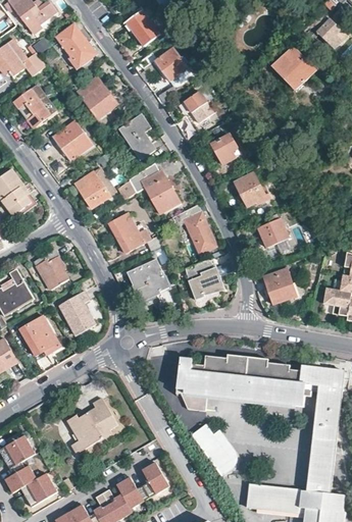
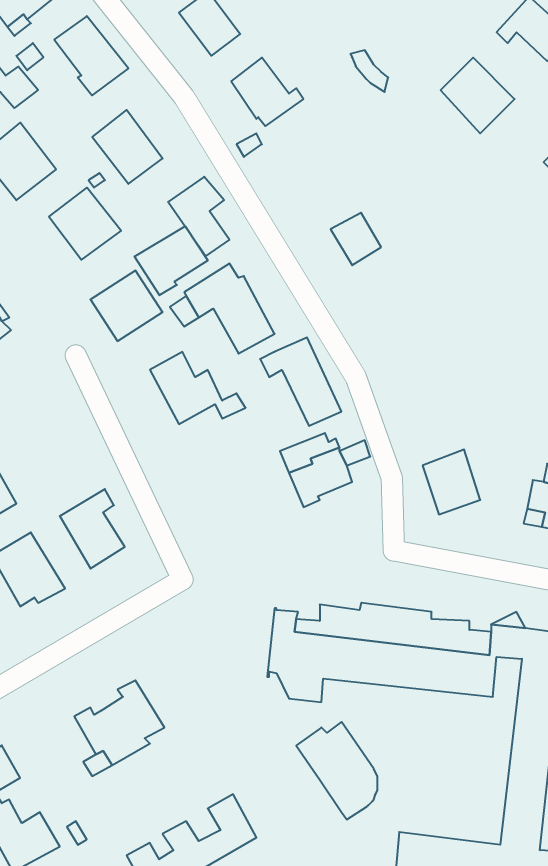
building: [184,92,213,118] -> none
building: none -> [135,226,208,295]
building: [235,173,269,206] -> none
building: [258,219,289,248] -> none
building: [33,250,68,290] -> none
building: [127,259,168,302] -> none

